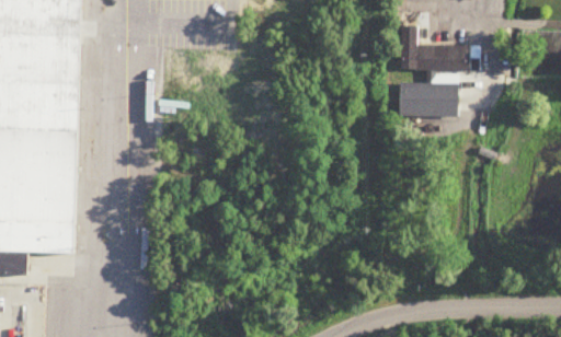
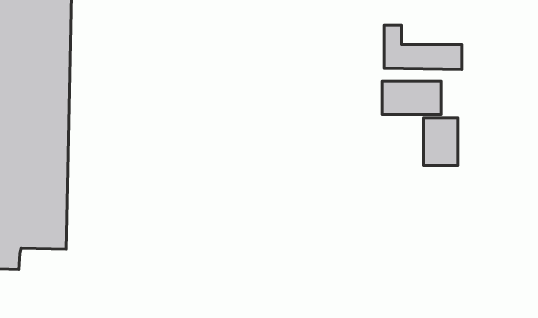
building: none -> [424,118,458,165]

